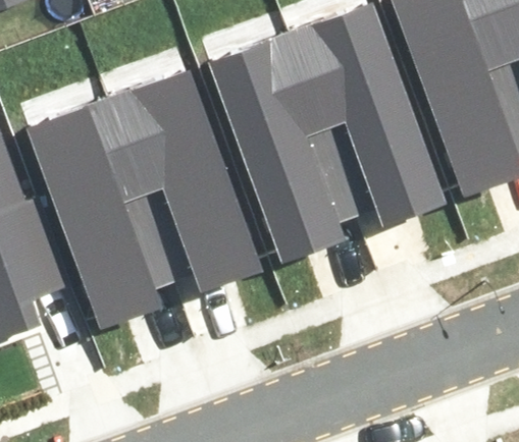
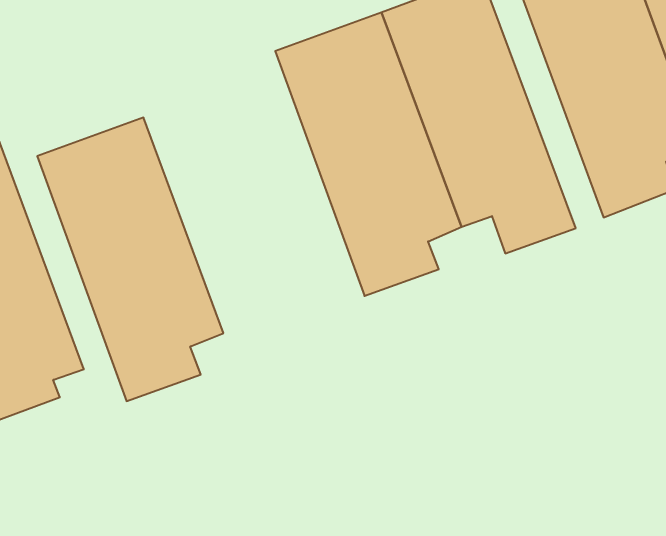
building: [111,80,260,292] -> none

